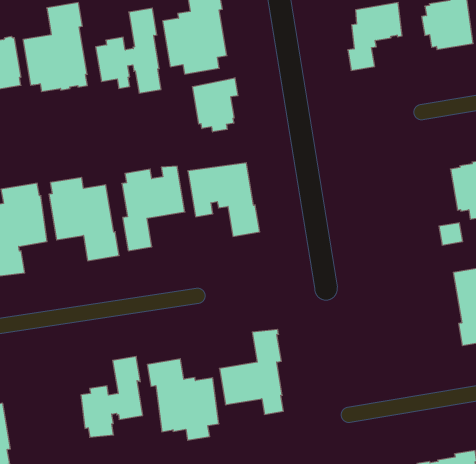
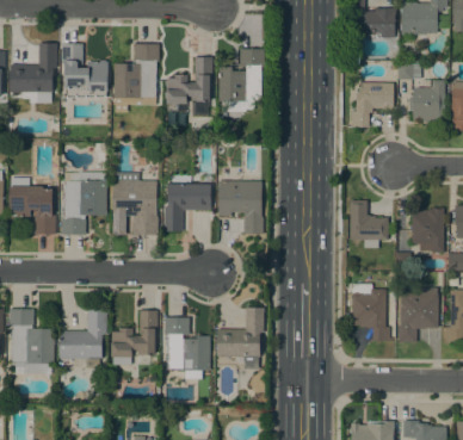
building: [192,78,238,132] -> none
building: none -> [350,200,388,248]
building: none -> [352,284,393,341]
building: none -> [60,309,107,367]

